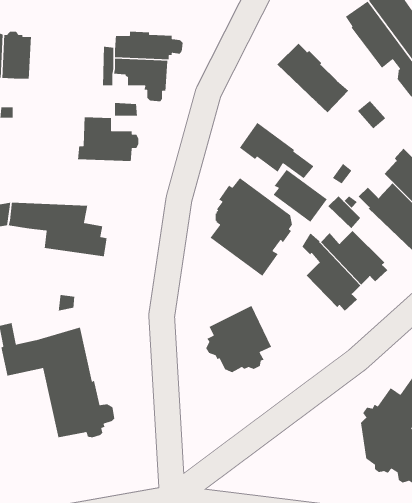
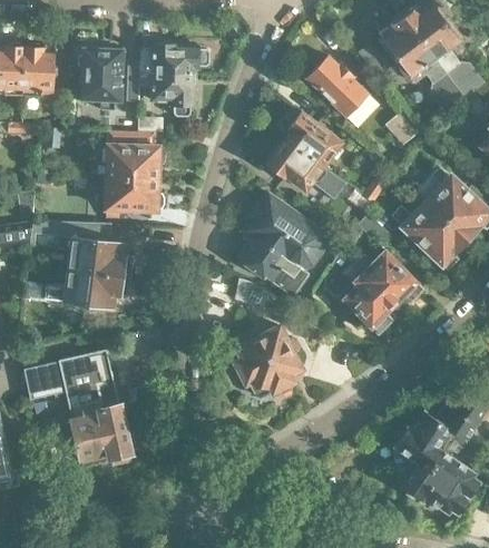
building: none -> [77,50,123,111]
building: none -> [101,177,164,218]
building: [273,169,328,223] -> [286,111,343,167]
building: none -> [45,268,129,309]
building: none -> [235,278,287,316]

